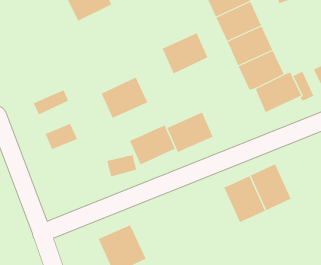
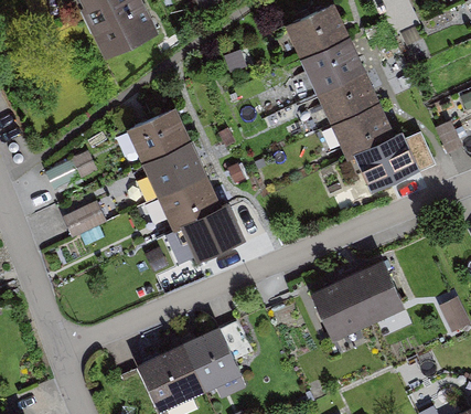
building: [162,33,208,74] -> [127,106,191,163]
building: [166,112,214,153] -> [158,176,223,232]
building: none -> [183,327,240,391]

